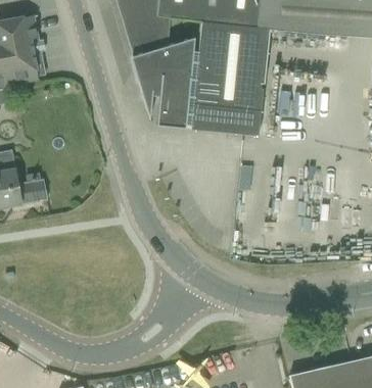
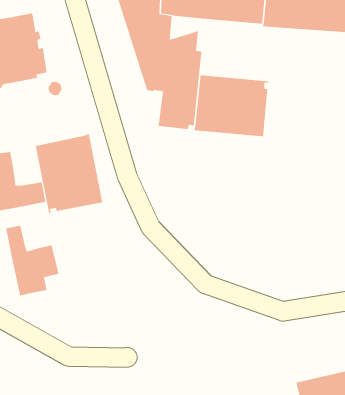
building: [196,21,269,82] -> none
building: none -> [35,133,103,214]
building: none -> [5,225,59,296]

